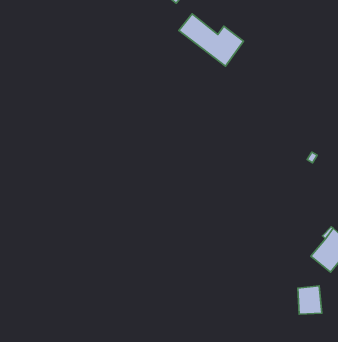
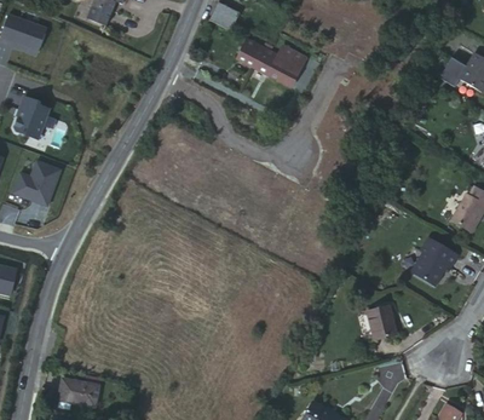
building: [298,286,322,314] -> [367,304,396,336]

